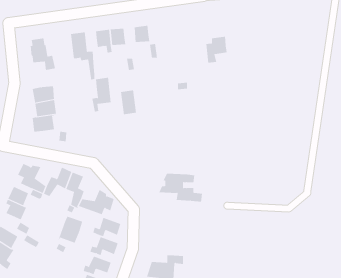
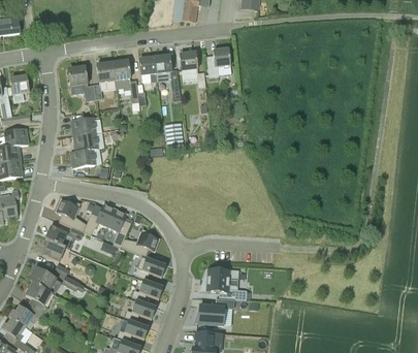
building: [205,36,228,63] -> [207,47,231,76]
building: [91,77,112,112] -> [94,61,116,98]
building: [159,173,203,202] -> [200,268,248,299]
building: [57,216,83,244] -> none

